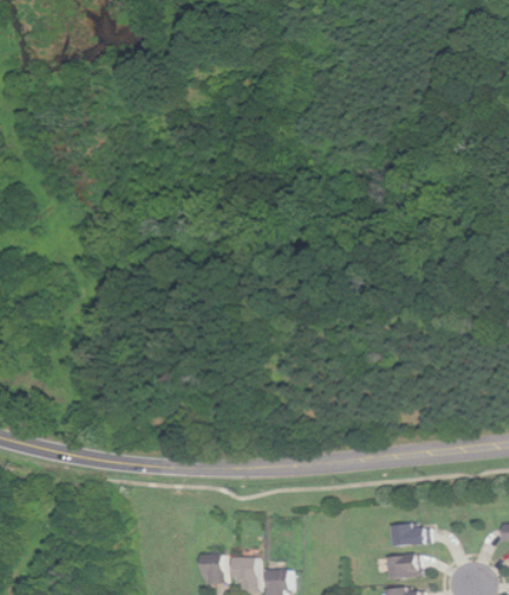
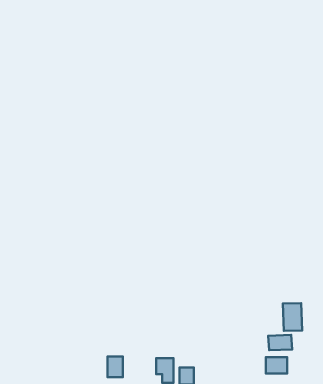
building: none -> [283,303,302,331]
building: [201,554,223,583] -> [107,357,123,377]

